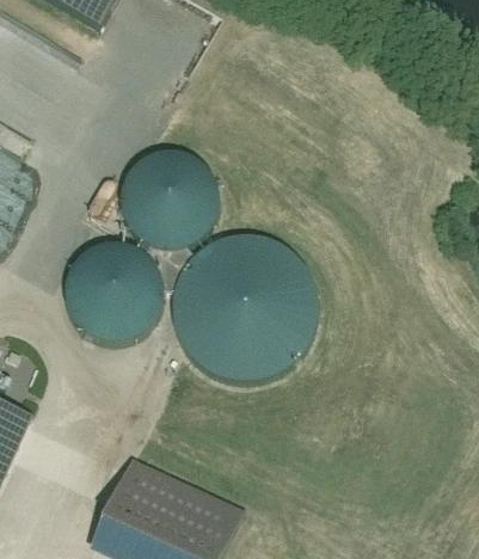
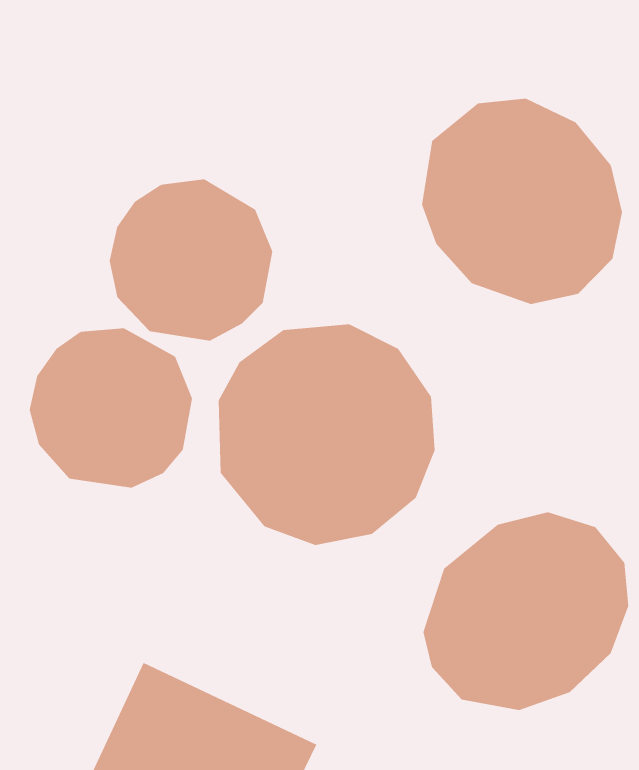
building: none -> [422,98,623,305]
building: none -> [423,512,629,711]

